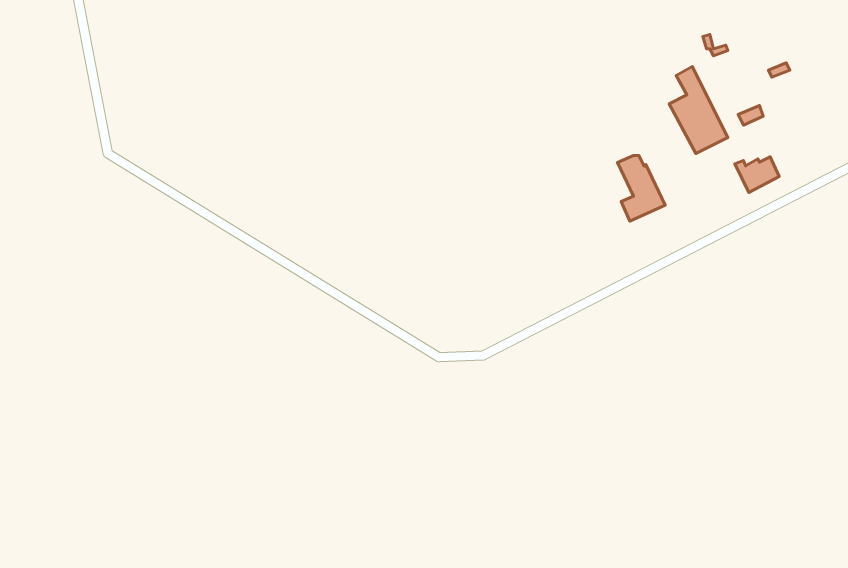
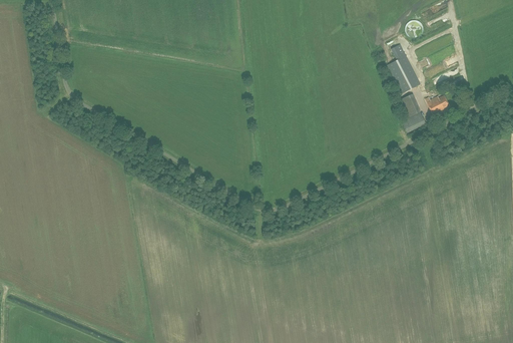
building: [617,156,665,221] -> [400,94,427,131]

